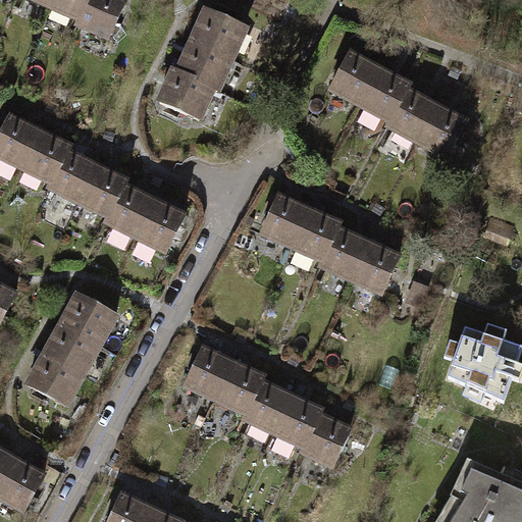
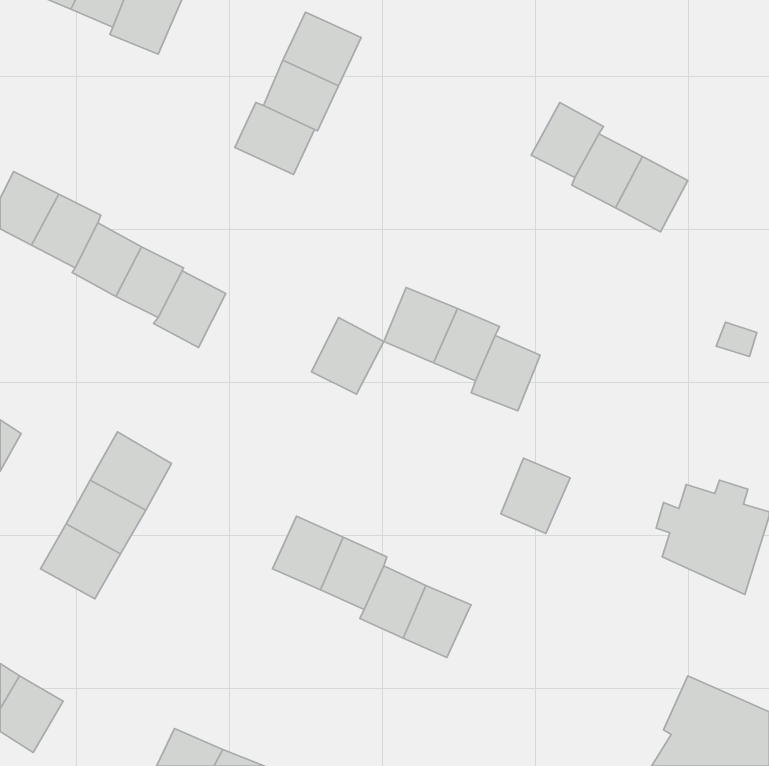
building: [329,53,379,105] -> none
building: [135,199,184,251] -> [312,318,384,394]
building: [351,241,398,292] -> [501,458,570,534]
building: [300,414,349,465] -> none

